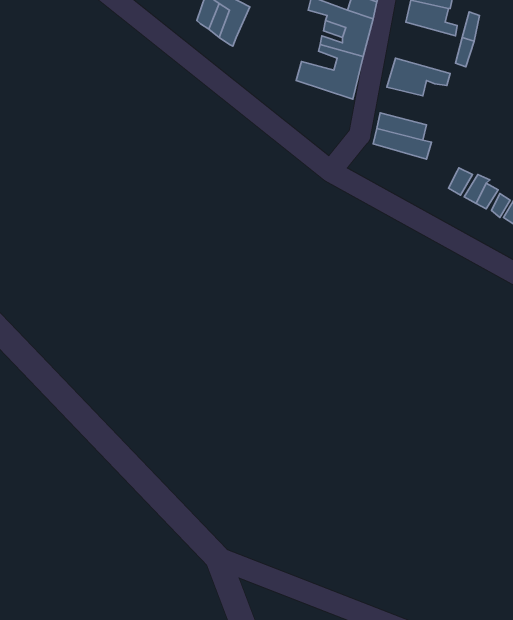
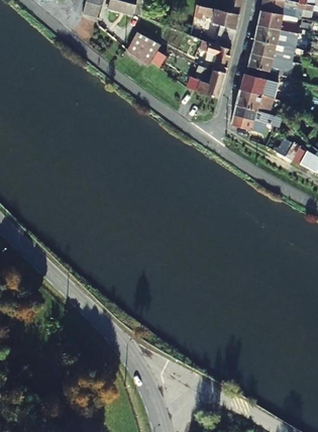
building: none -> [248,52,281,74]
building: none -> [236,91,281,117]

